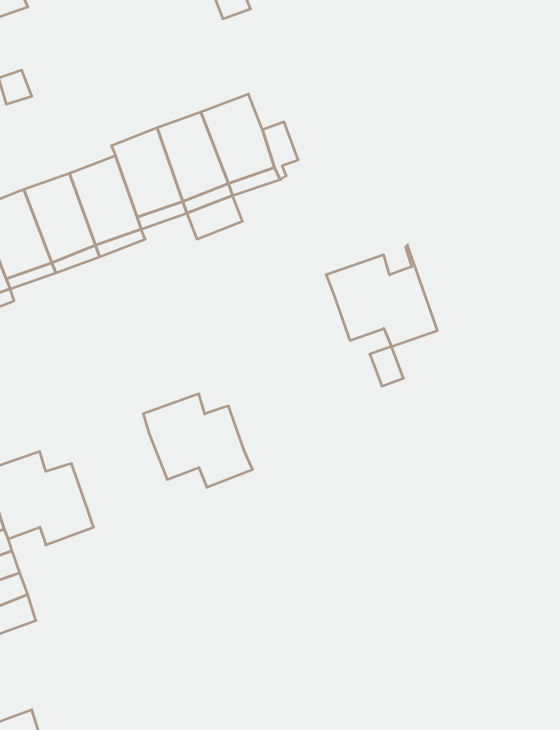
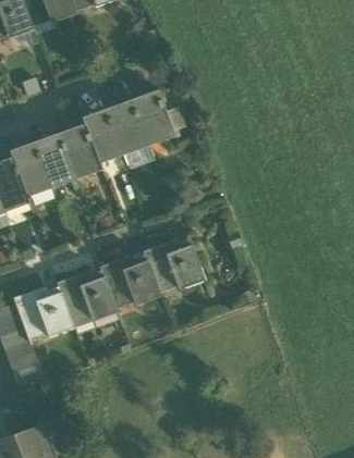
building: [326,245,437,346] -> [143,232,204,287]
building: none -> [57,269,117,319]

